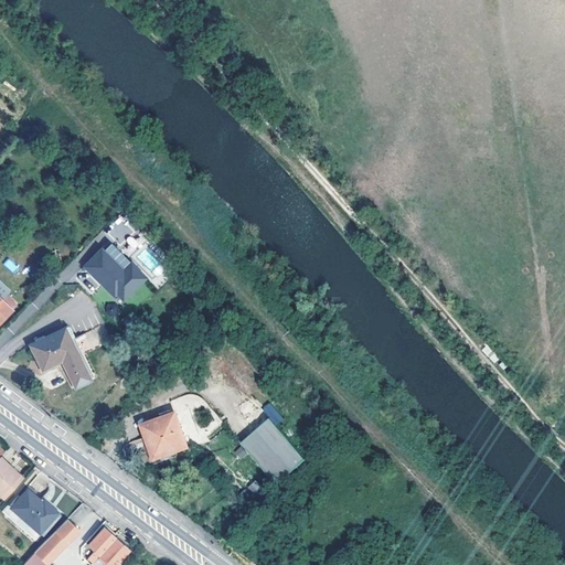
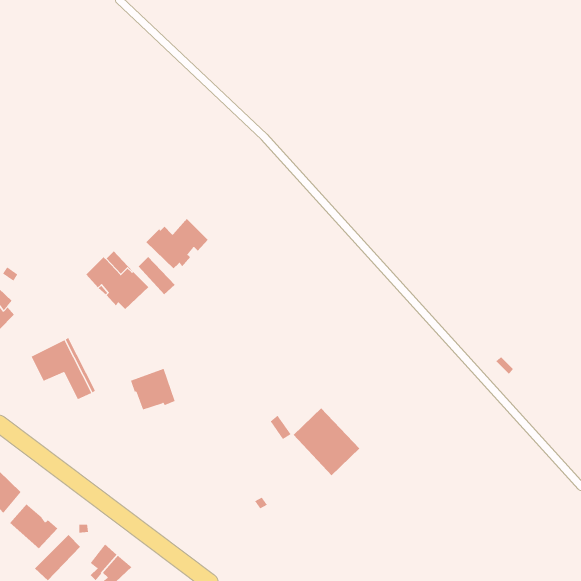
building: none -> [145,218,208,269]
building: [141,415,185,456] -> [130,368,176,410]
building: [238,422,303,488] -> [293,408,360,476]

